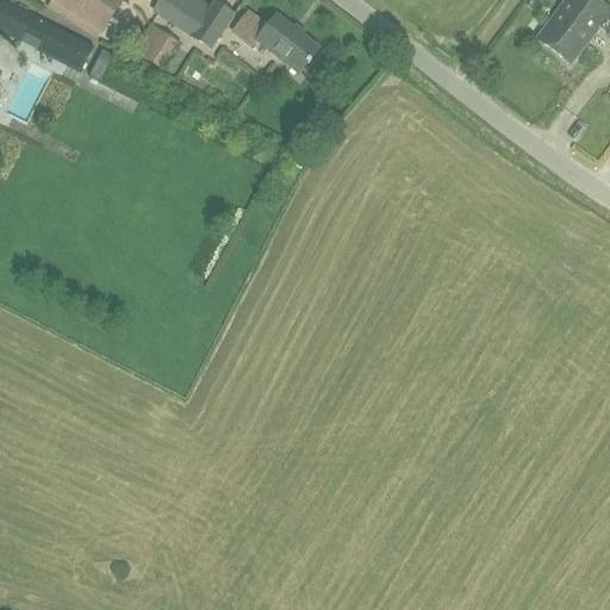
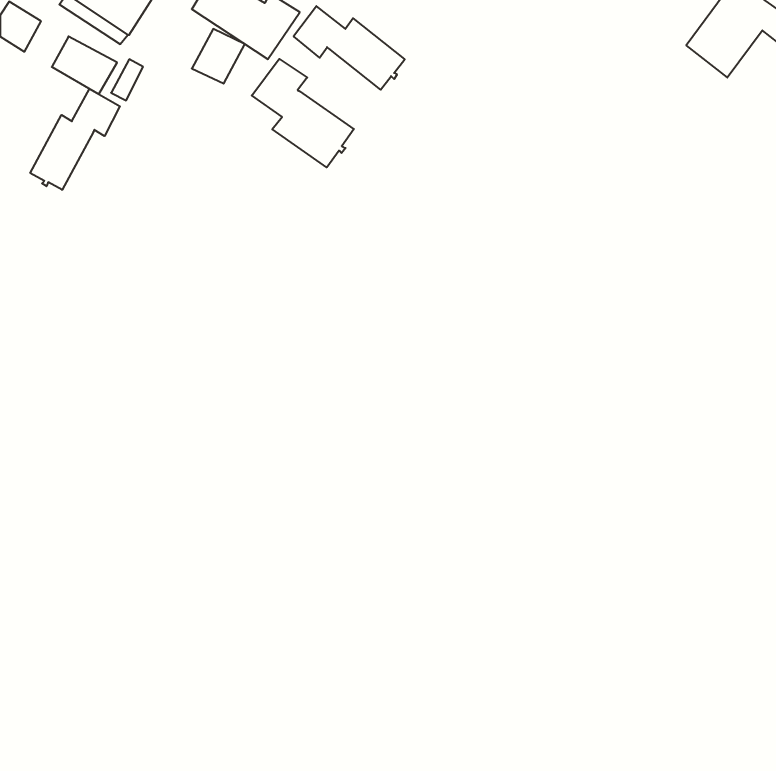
building: none -> [252,59,354,167]
building: none -> [30,89,120,190]

